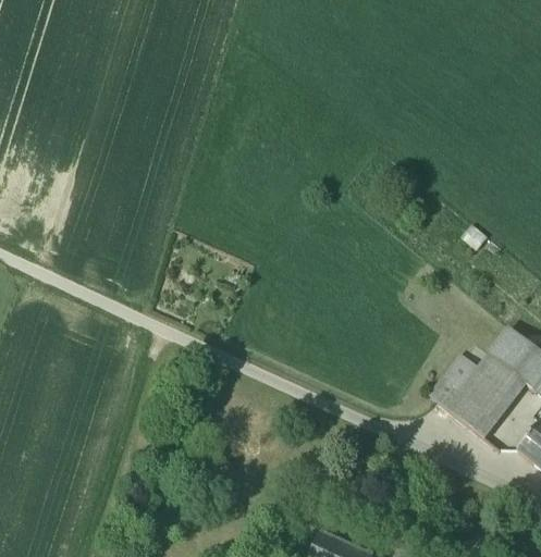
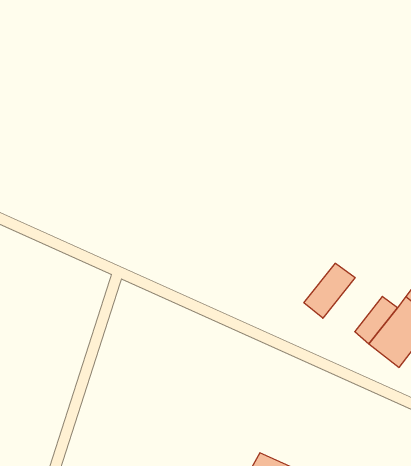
building: none -> [304,263,355,318]

